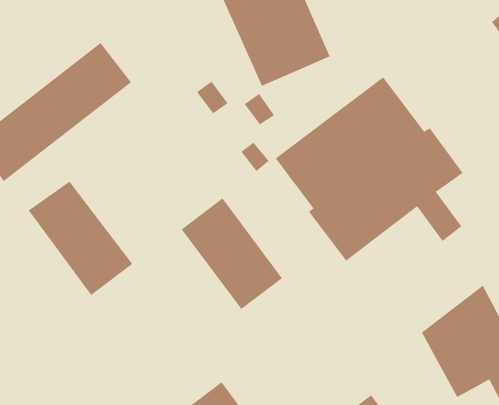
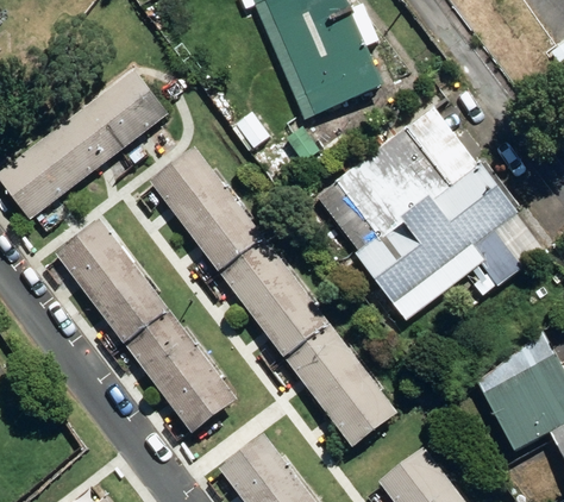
building: none -> [151,146,264,272]
building: none -> [123,309,234,433]
building: none -> [283,325,396,447]

